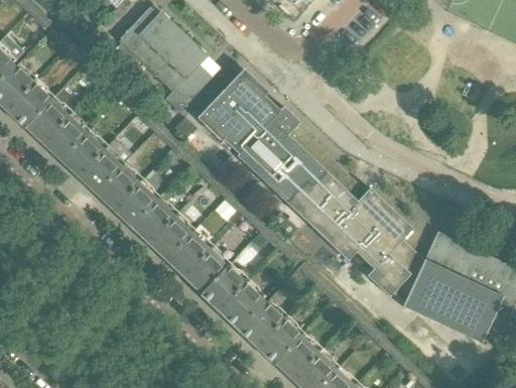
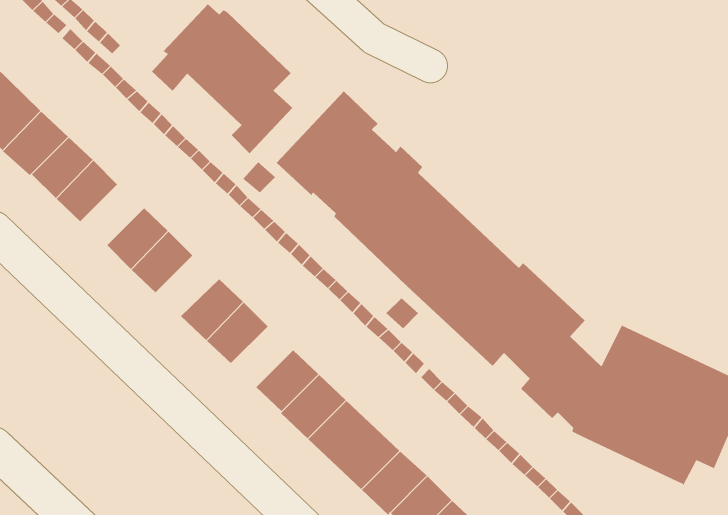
building: [61,133,106,175] -> none
building: [114,182,158,225] -> none
building: [166,232,210,274] -> none

